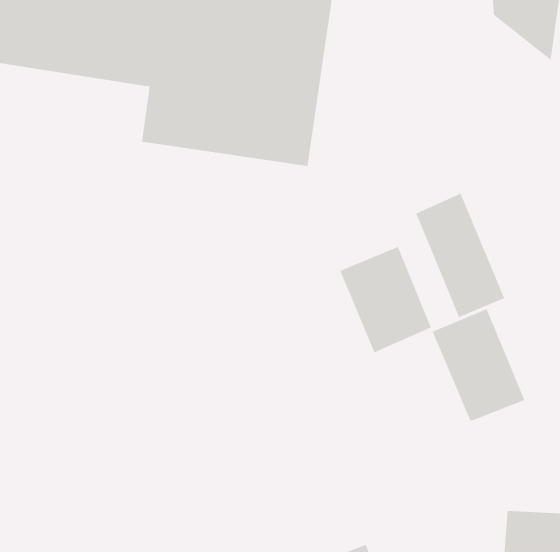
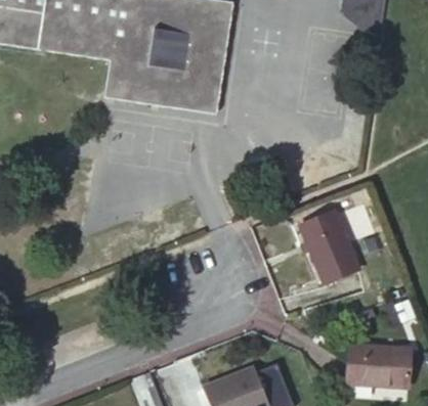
building: [416,193,505,318] -> none
building: [340,246,432,353] -> none

